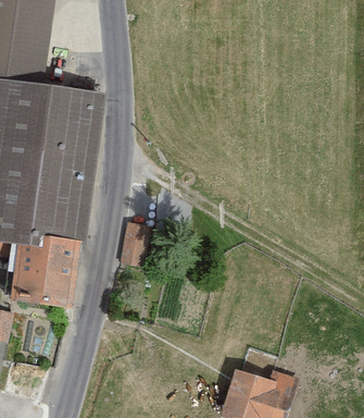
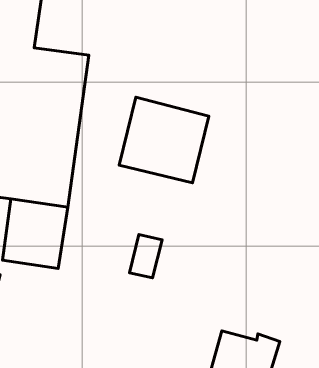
building: none -> [119,97,209,183]
building: [115,224,149,269] -> [129,235,162,278]

